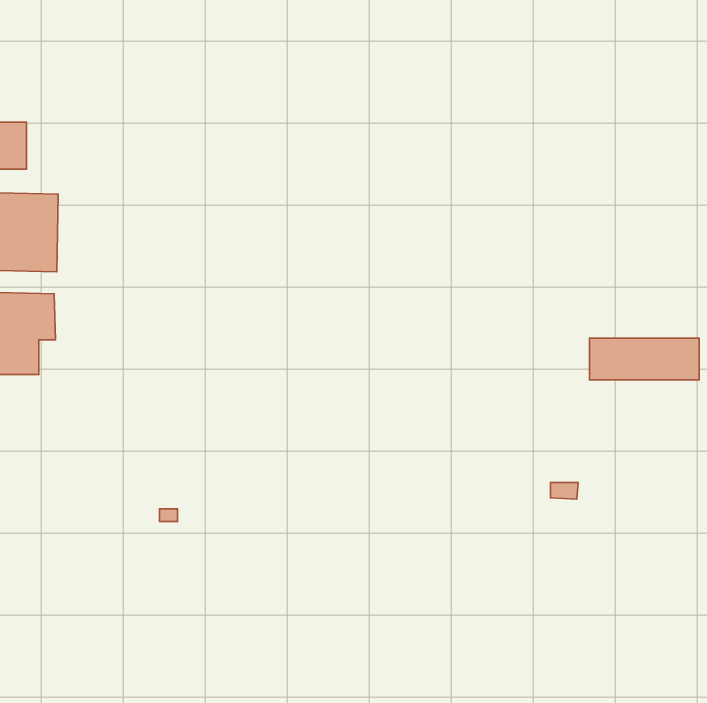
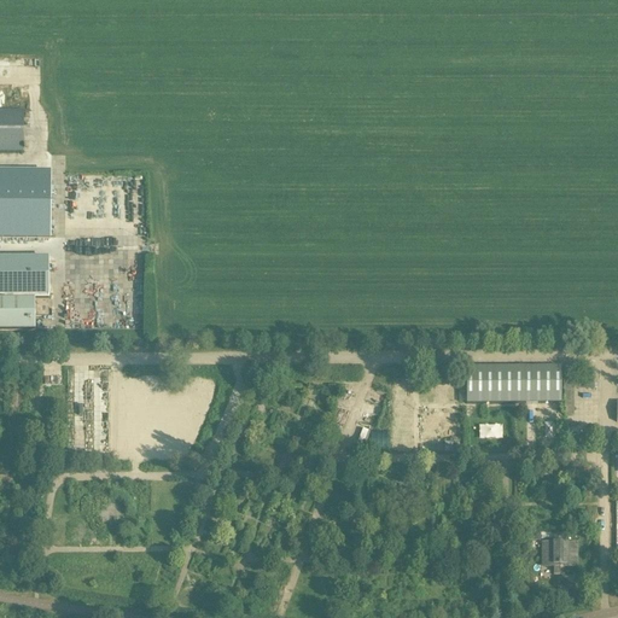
building: [589,338,699,380] -> [465,363,560,400]
building: none -> [542,538,575,571]

